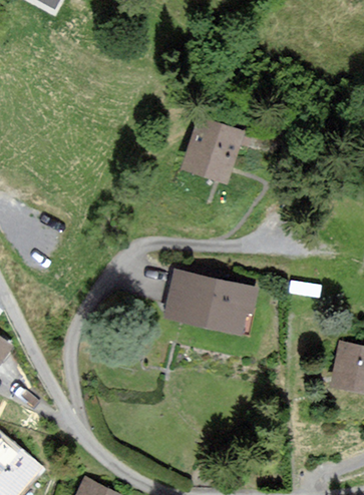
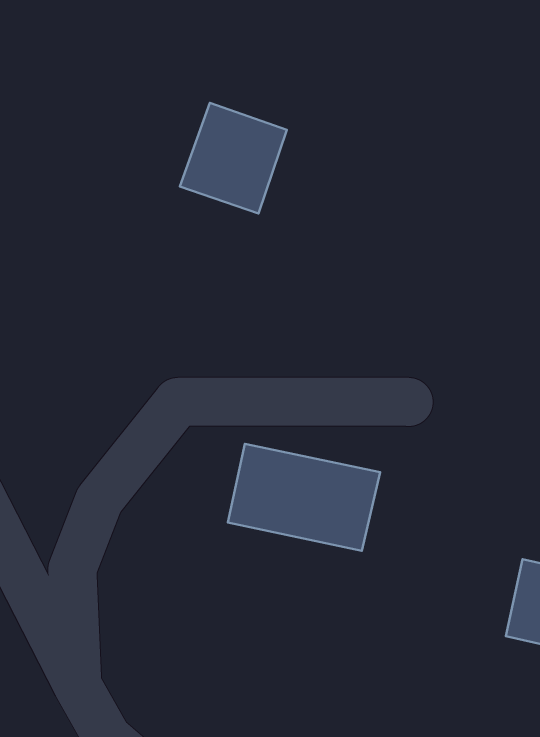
building: [180,116,245,182] -> [180,103,287,213]

